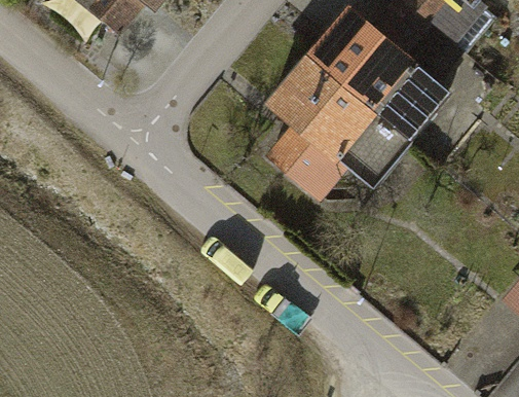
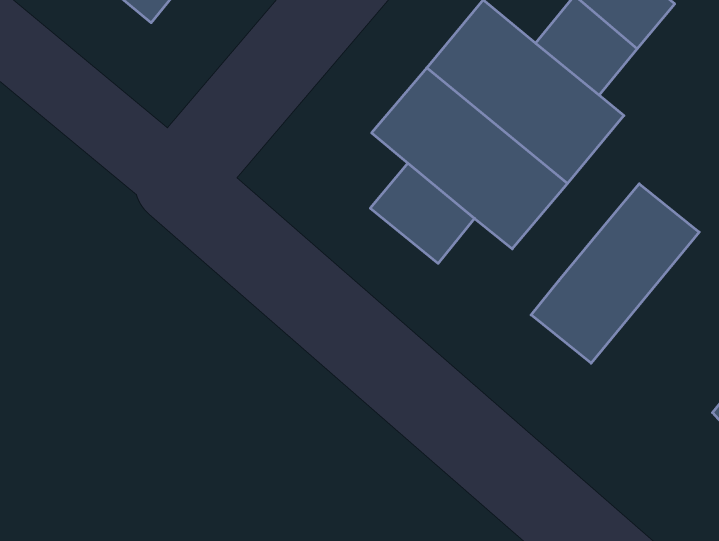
building: none -> [531,184,699,363]

